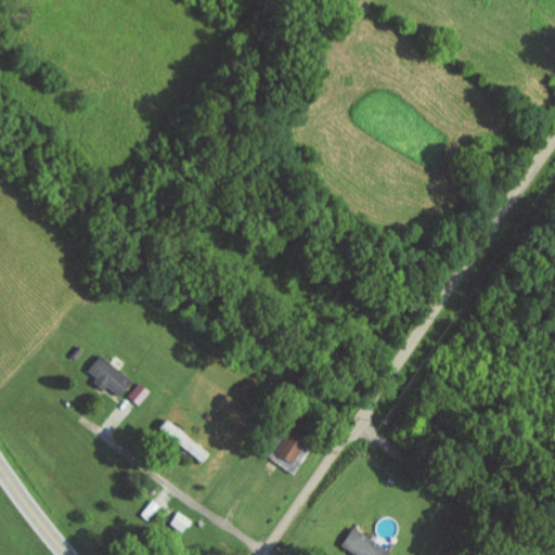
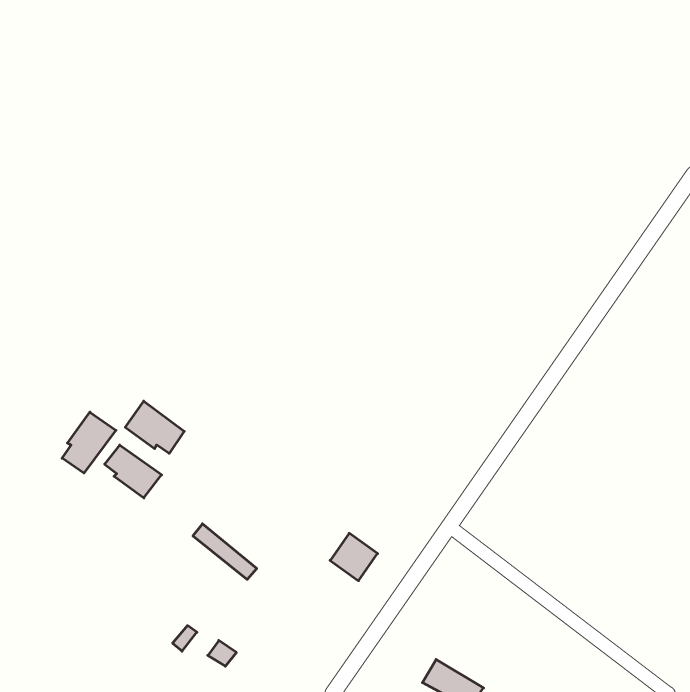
building: none -> [125,401,184,453]
building: none -> [62,412,116,473]

